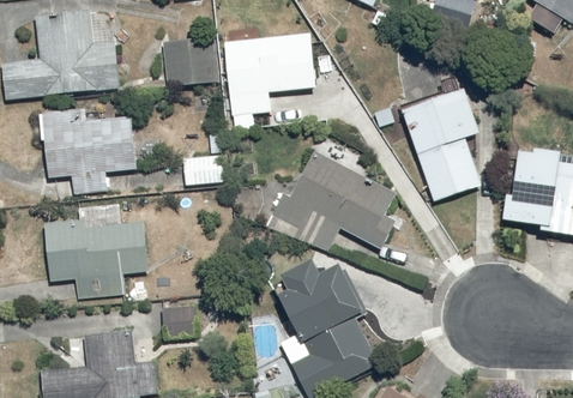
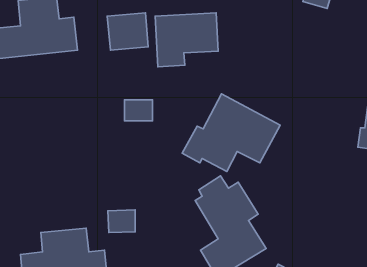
building: [400,82,503,205] -> none
building: [37,98,132,192] -> none
building: [47,209,144,298] -> none

